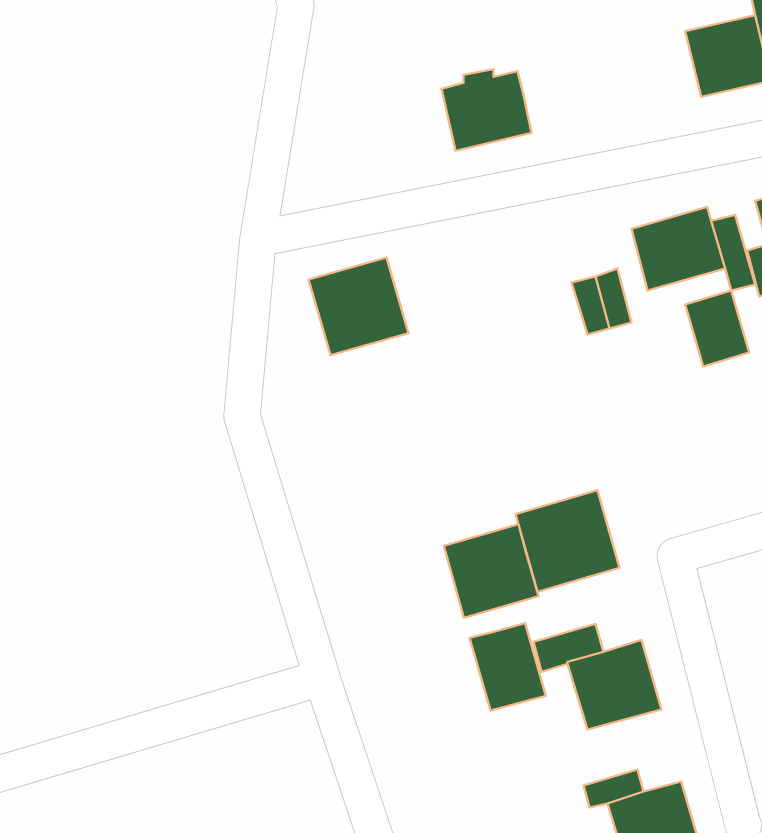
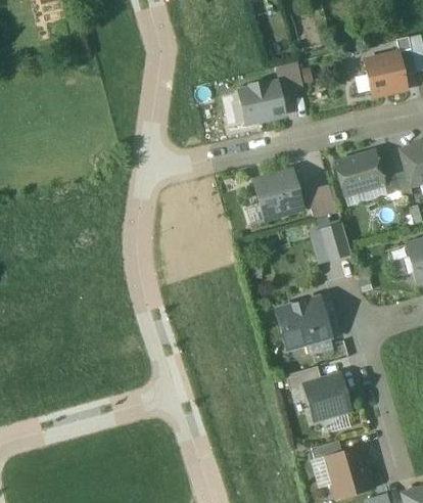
building: none -> [274,62,303,95]
building: [309,257,408,355] -> [252,170,303,220]
building: [685,291,749,366] -> [318,223,350,262]
building: [444,524,538,618] -> none
building: [470,623,546,711] -> none

